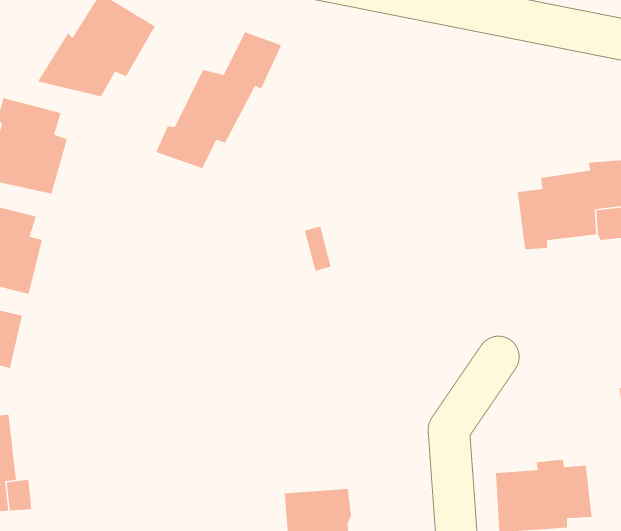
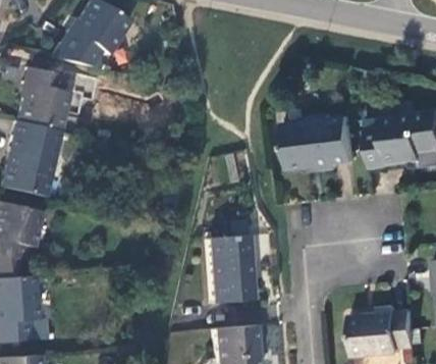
building: [155,31,282,169] -> none
building: none -> [284,113,355,168]
building: none -> [206,235,252,302]

